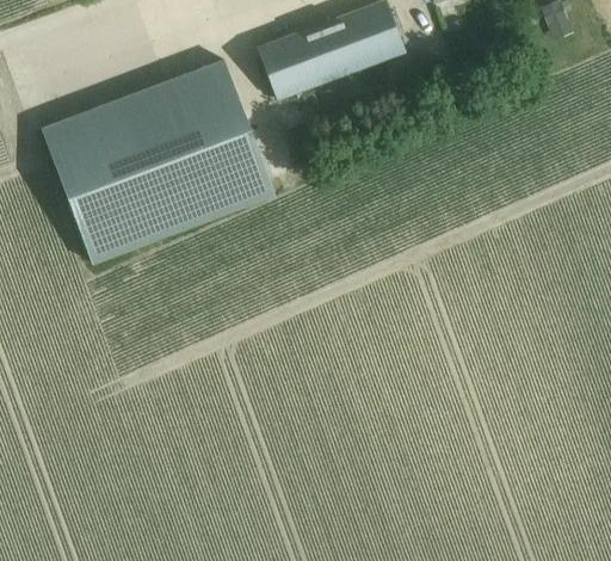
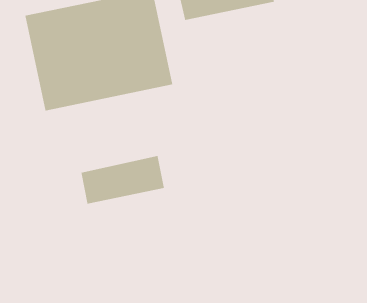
building: none -> [81,155,165,204]

